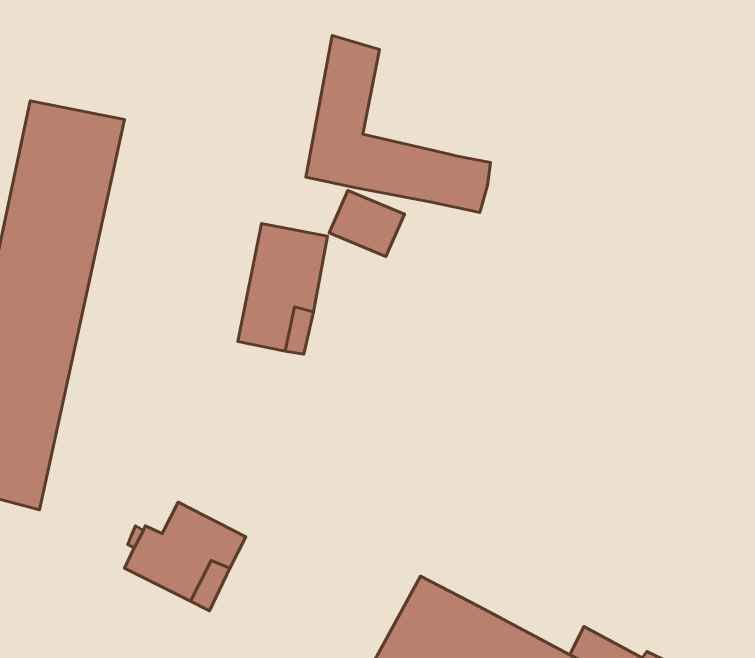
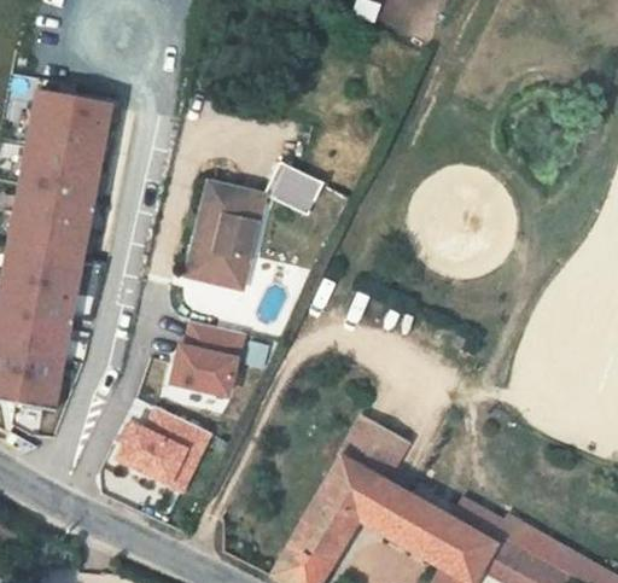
building: [306,36,490,213] -> none
building: none -> [167,320,239,393]
building: none -> [338,424,402,483]

